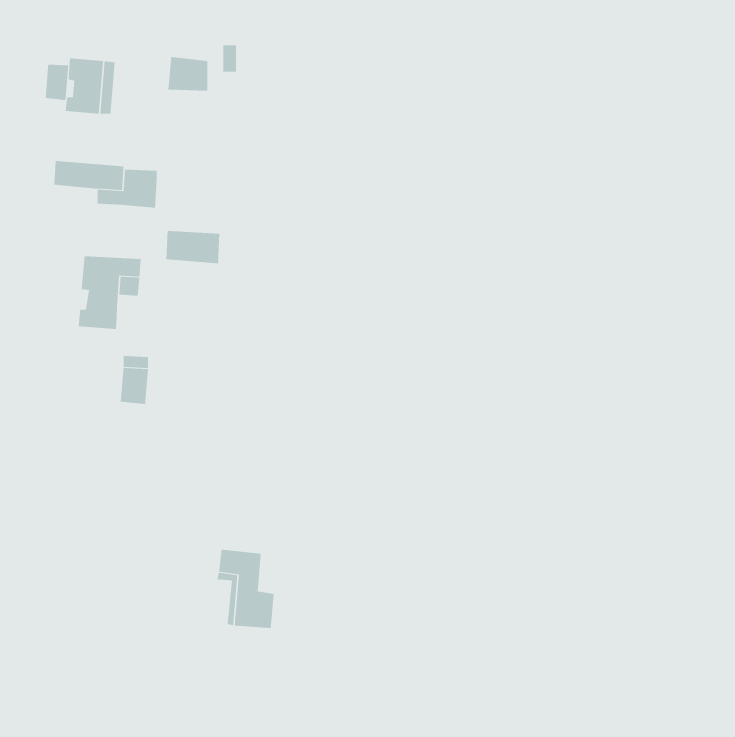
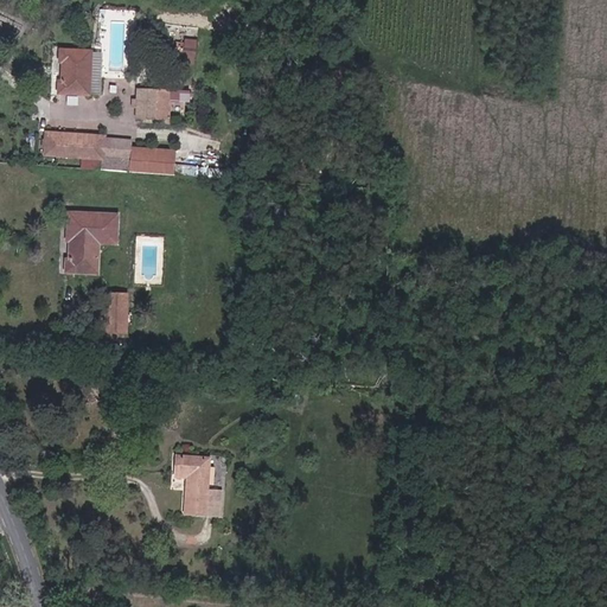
building: [168,56,208,91] -> [134,89,167,117]
building: [45,64,69,101] -> none
building: [165,230,220,264] -> [128,147,173,174]

